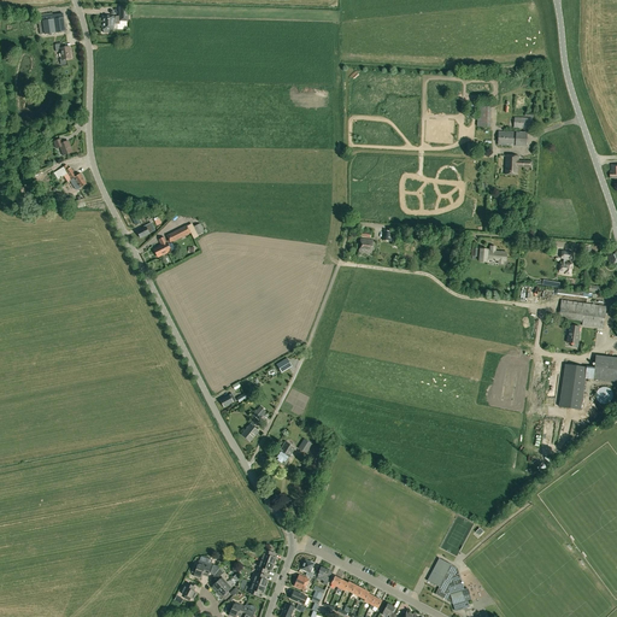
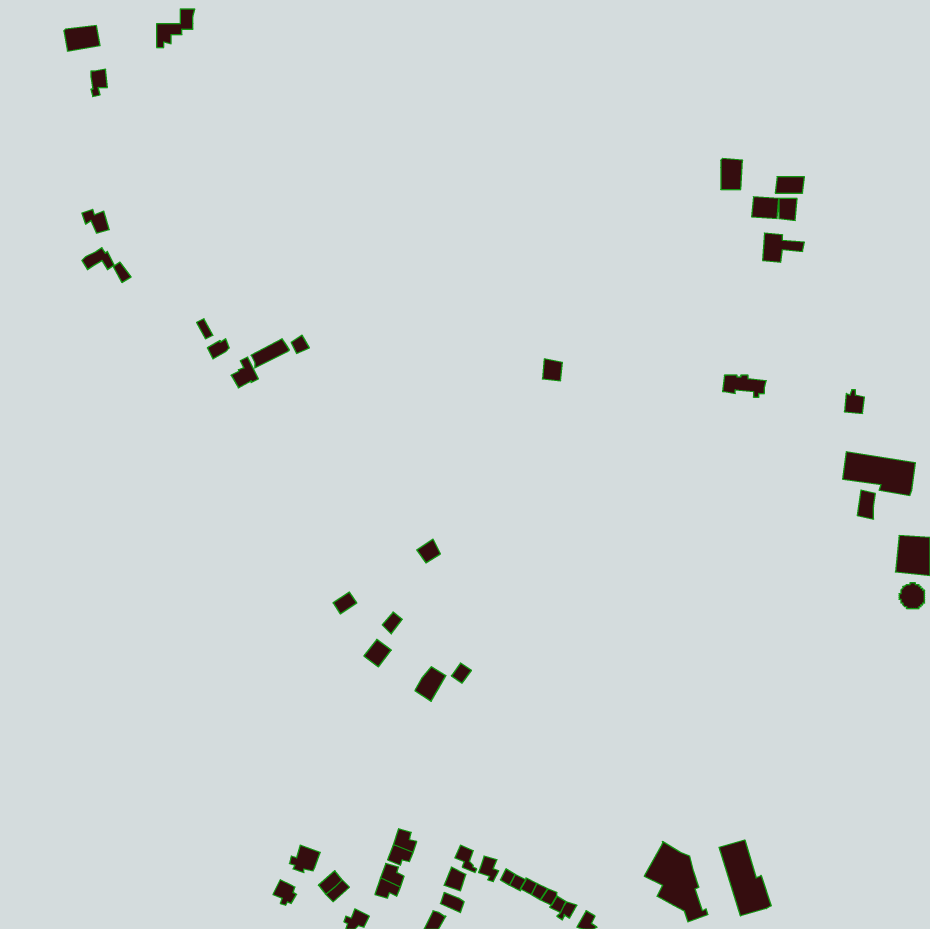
building: [560,365,587,411] -> none
building: none -> [719,840,771,916]

